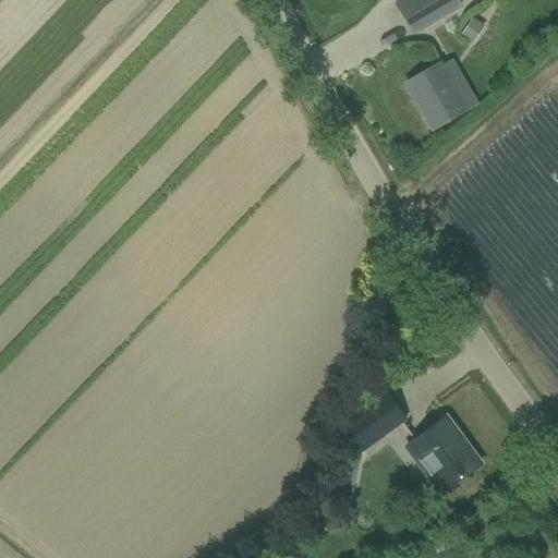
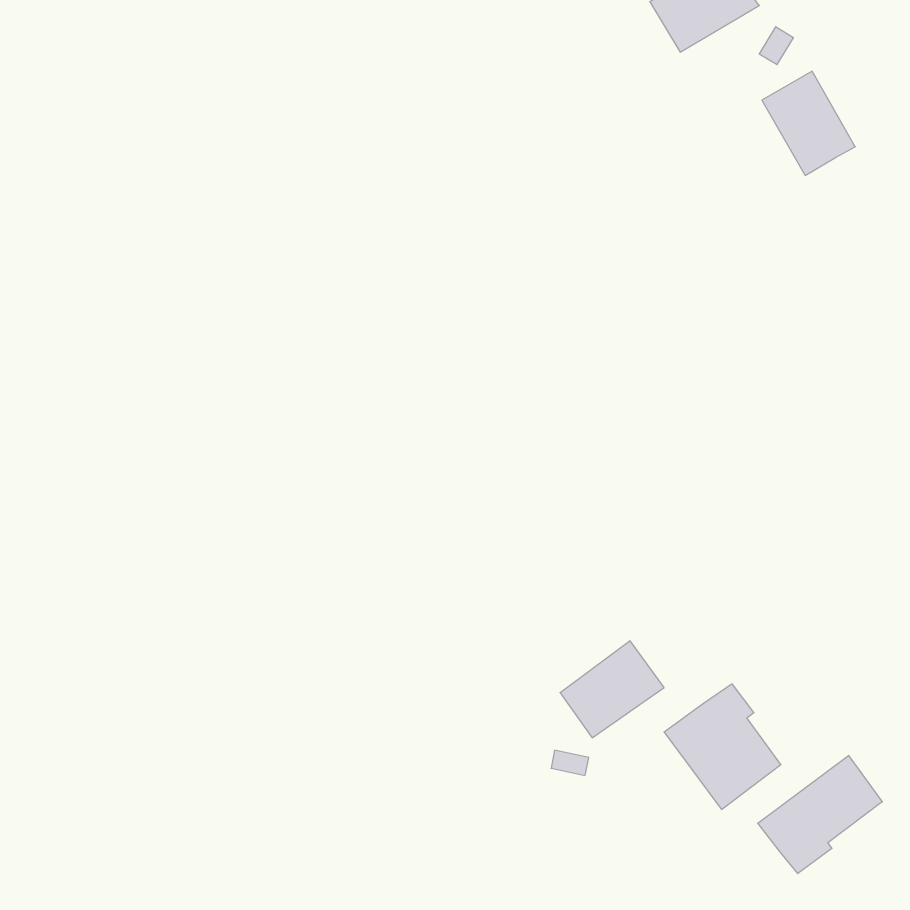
building: [411,62,468,125] -> [762,71,855,175]
building: none -> [758,755,882,874]

